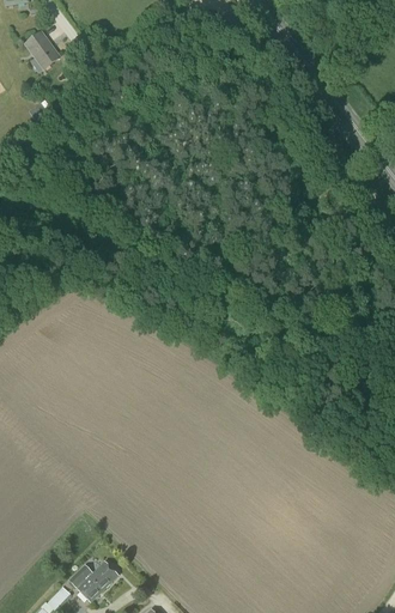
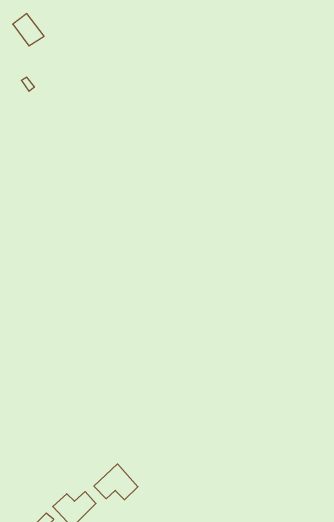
building: none -> [94,464,138,500]

